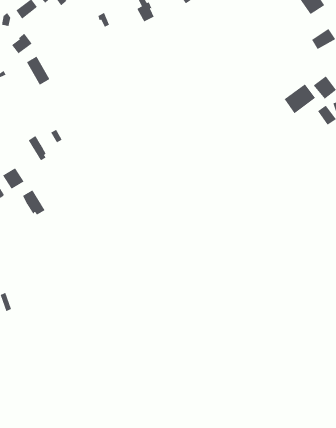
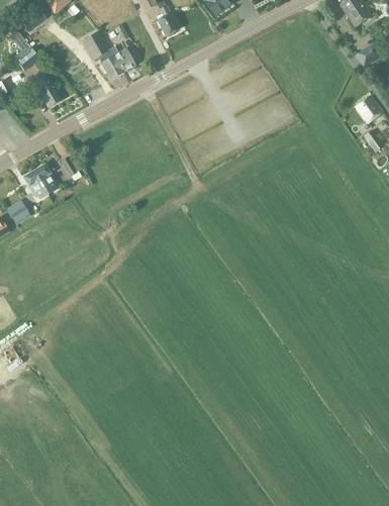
building: none -> [83,32,133,79]
building: [284,84,316,114] -> none
building: [22,190,45,215] -> [23,169,50,198]

